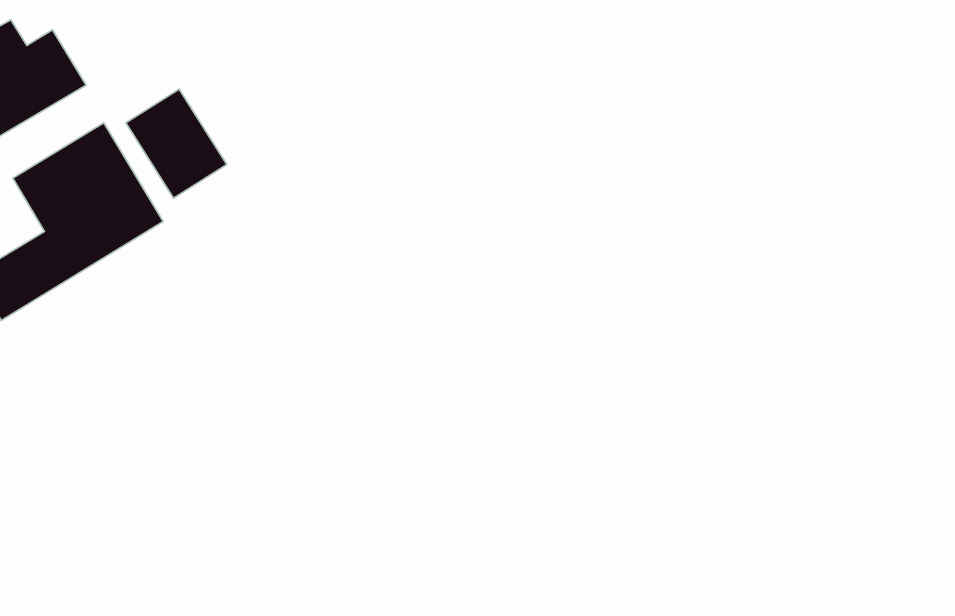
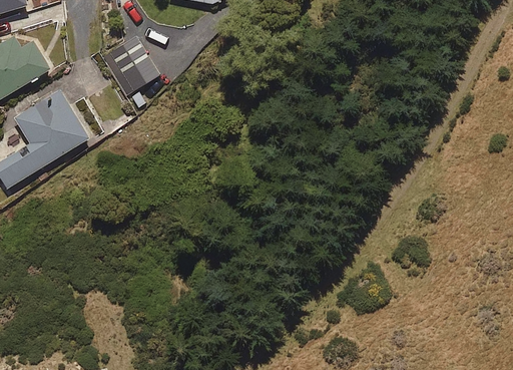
building: [126,89,227,198] -> [108,36,159,91]

